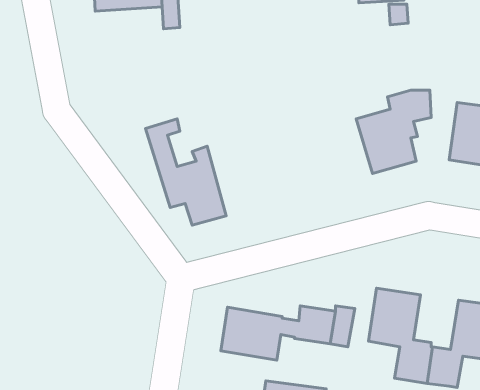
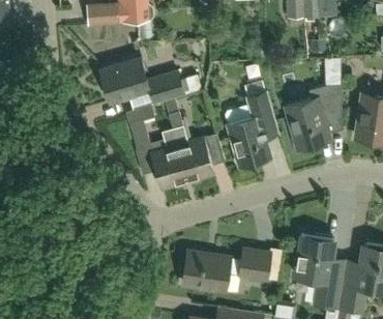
building: none -> [100,58,200,102]
building: none -> [224,90,278,166]
building: none -> [168,110,213,180]

